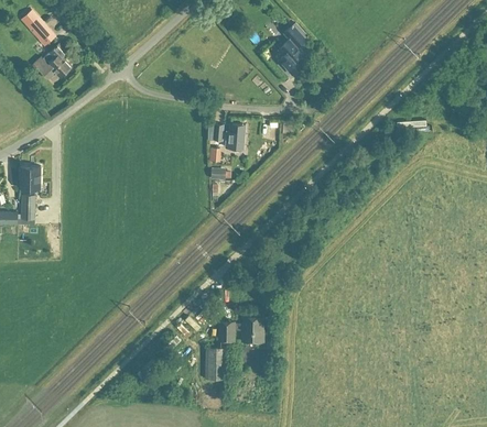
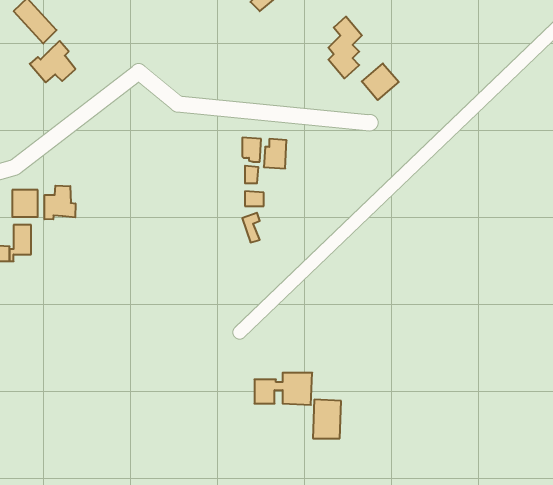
building: none -> [362,63,399,100]
building: none -> [45,186,75,219]
building: [205,347,228,379] -> [313,400,341,438]

